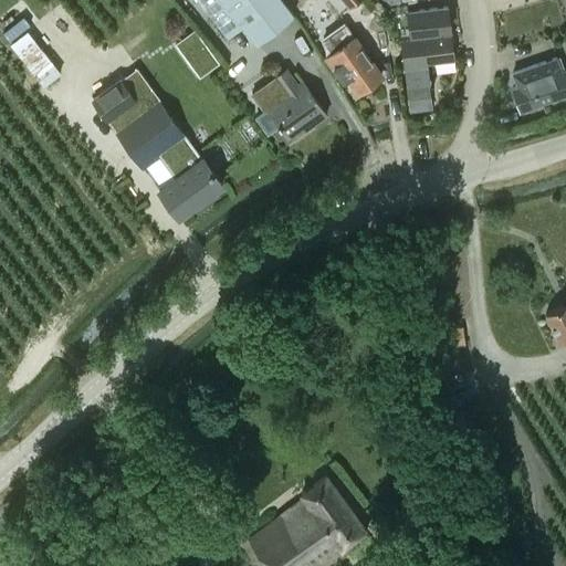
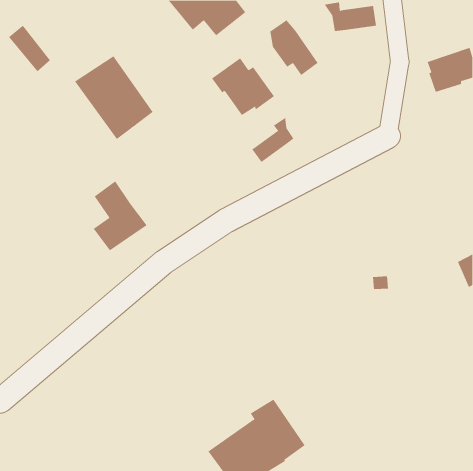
building: [178,33,218,76] -> none
building: [400,35,453,114] -> none
building: [157,136,222,220] -> [93,181,147,251]
building: none -> [252,117,294,163]

